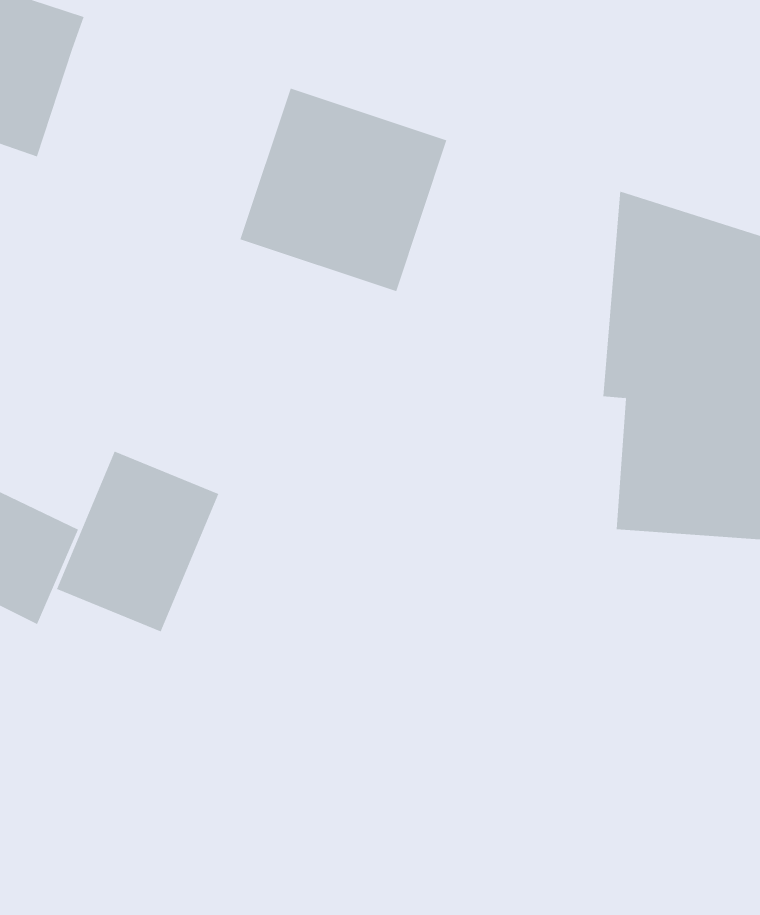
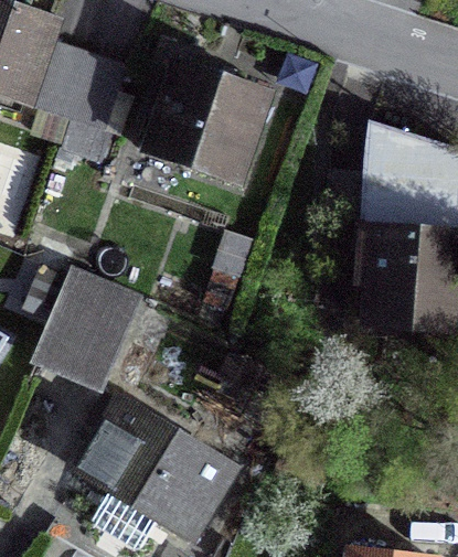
building: none -> [30,40,127,129]
building: none -> [84,401,233,536]

